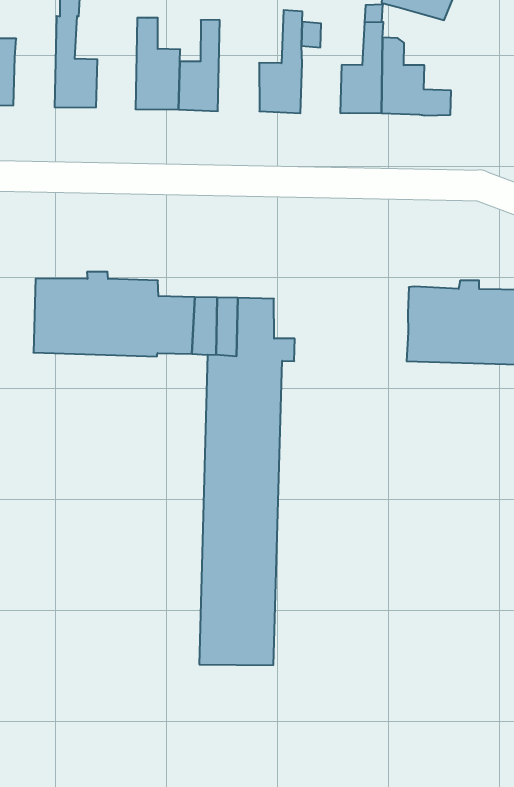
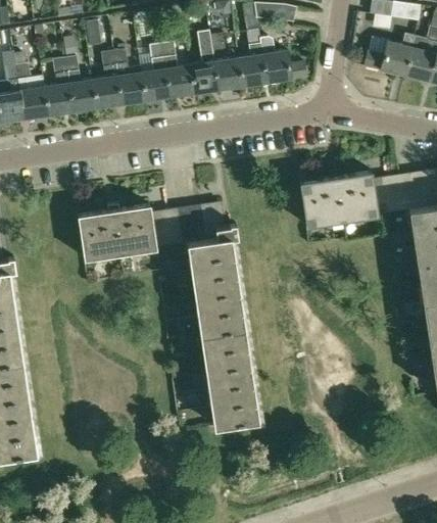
building: none -> [43,59,71,116]
building: none -> [92,52,119,109]
building: none -> [160,43,193,99]
building: none -> [213,59,241,92]

